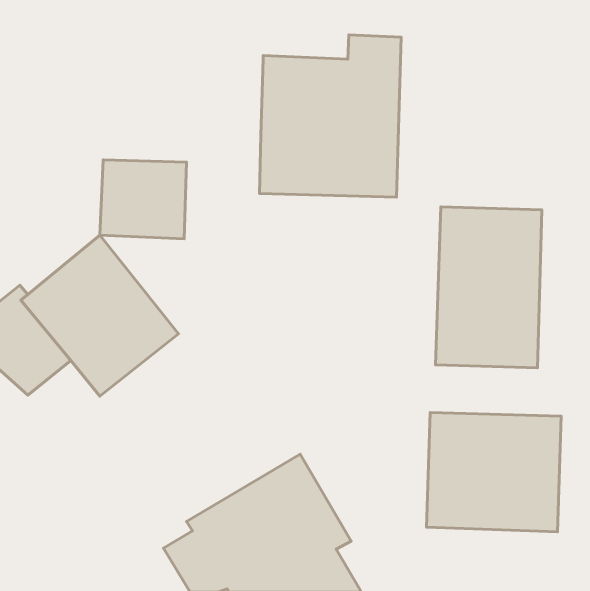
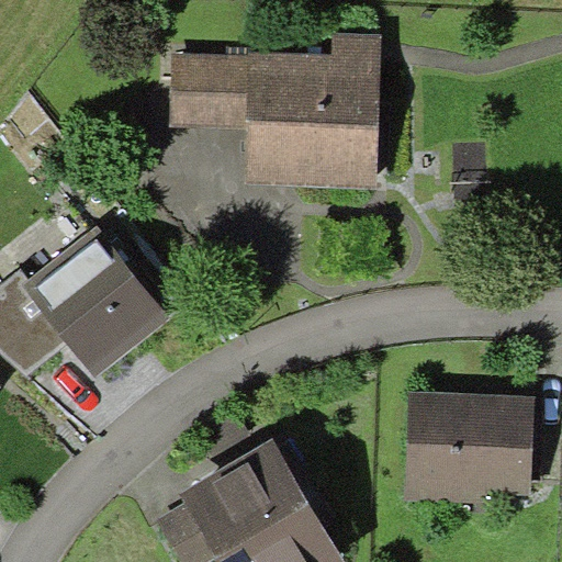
building: [100,160,187,239] -> [167,55,249,130]
building: [436,207,542,368] -> none

